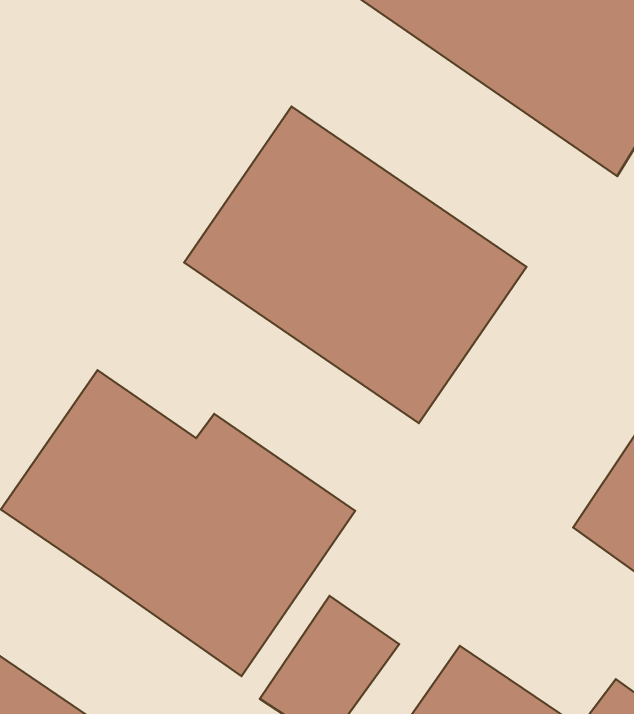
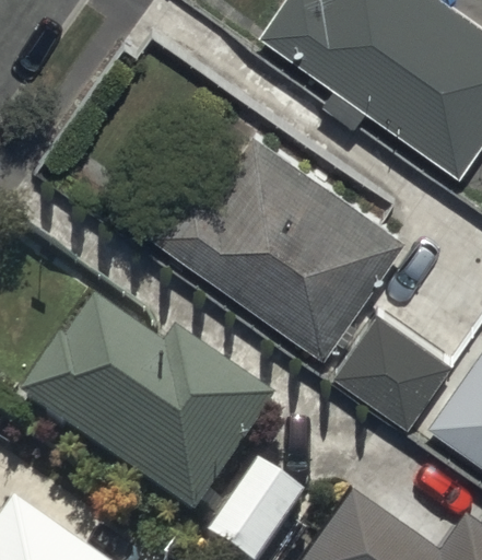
building: none -> [336,303,460,423]

